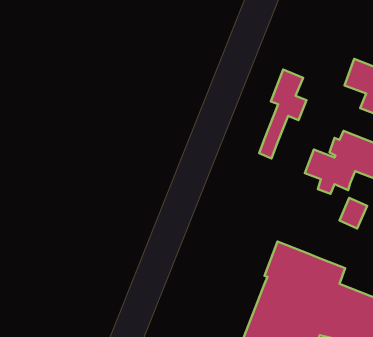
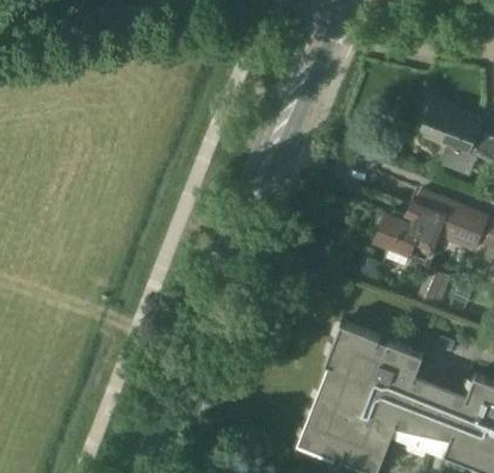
building: [259,69,307,159] -> none

